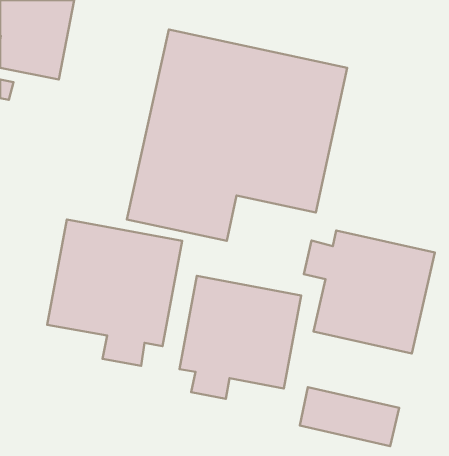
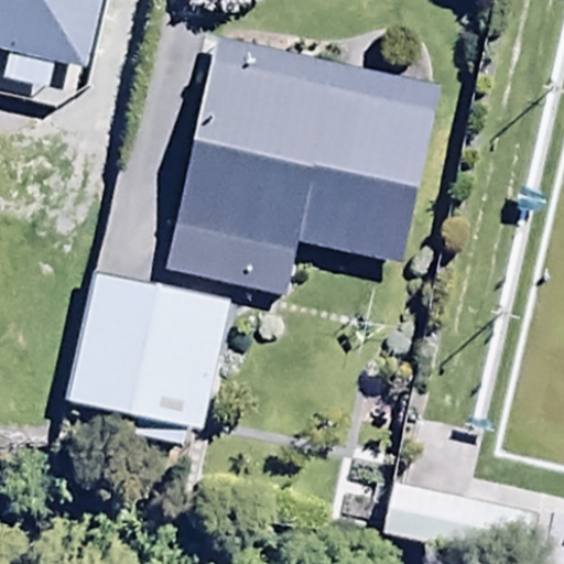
building: [304,230,435,354] -> none
building: [179,276,301,399] -> none

